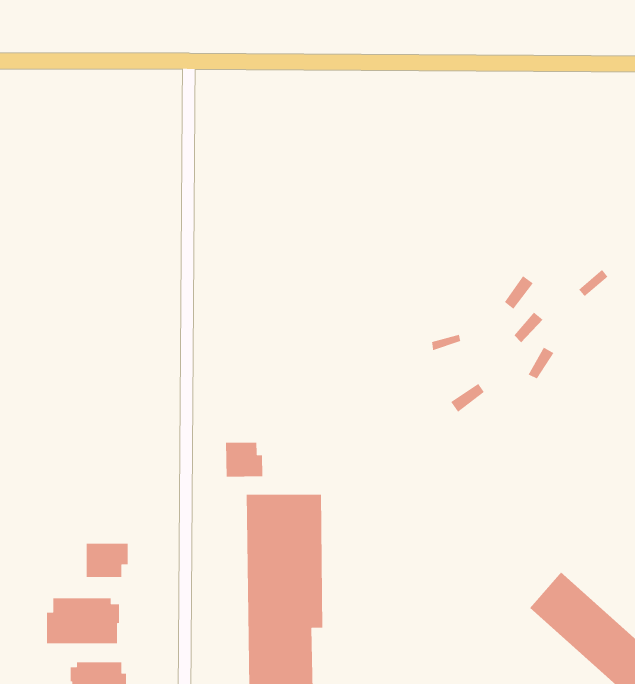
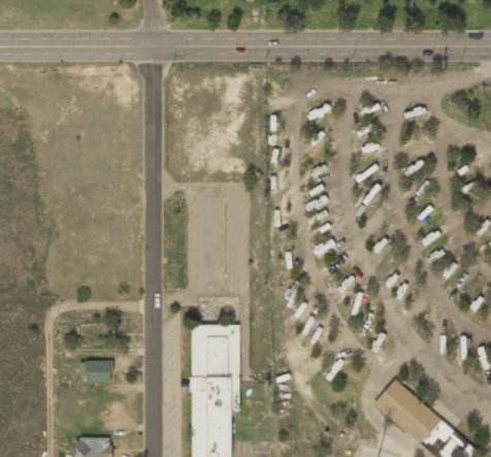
building: [225,442,263,477] -> none
building: [46,597,120,644] -> none

